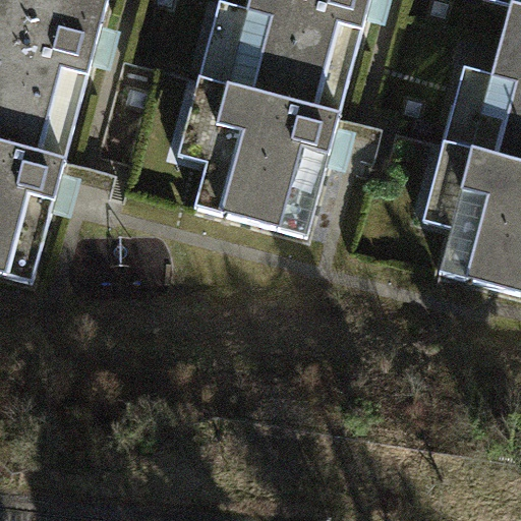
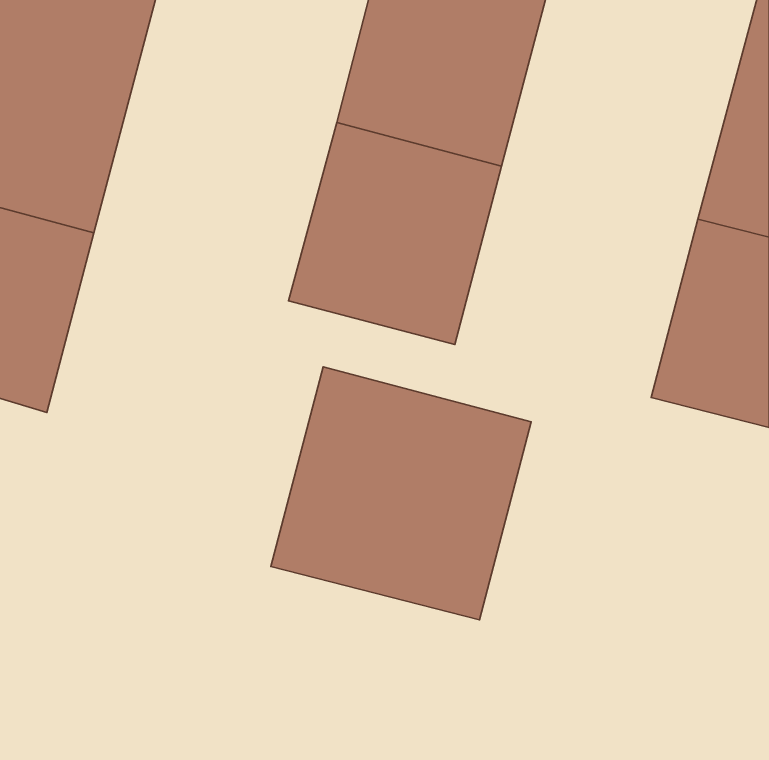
building: none -> [271,367,531,620]

